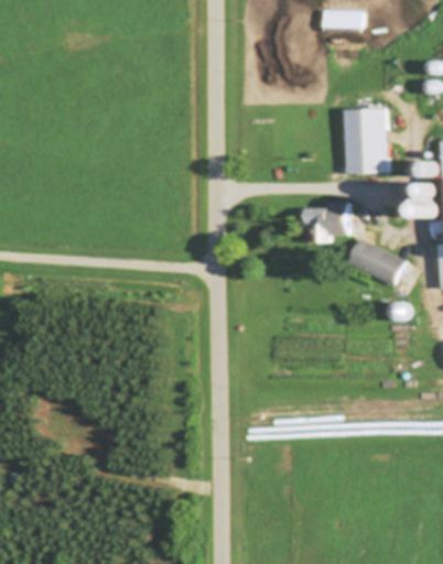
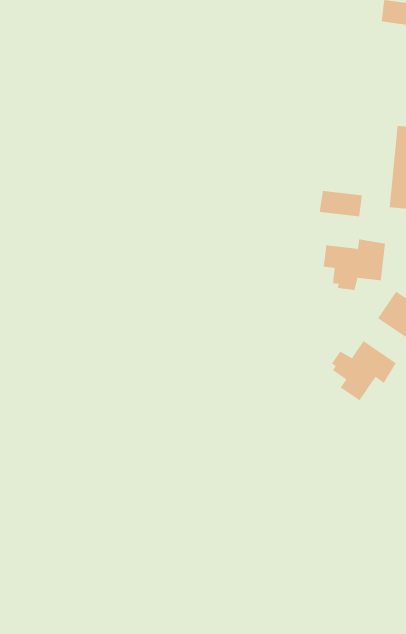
building: none -> [319,190,363,217]
building: none -> [331,340,397,401]

